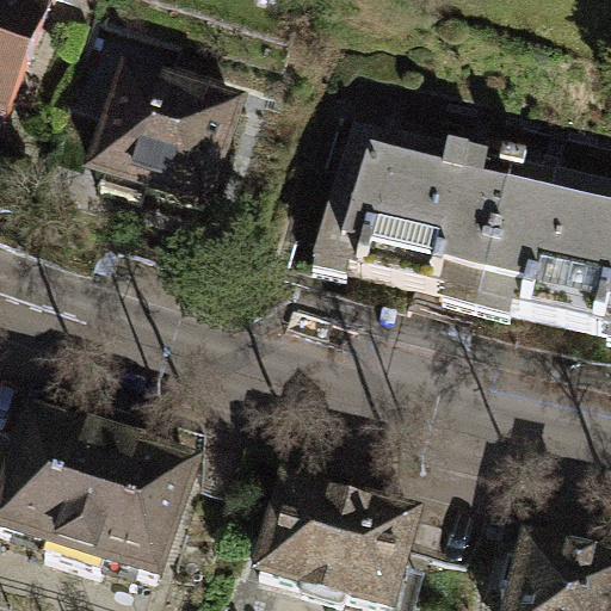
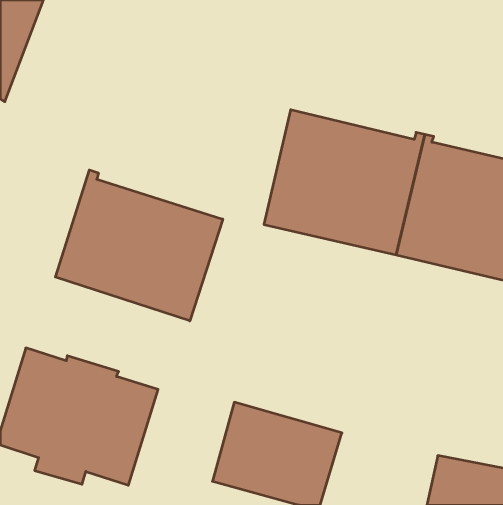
building: [94,75,234,209] -> none
building: none -> [55,170,223,321]

